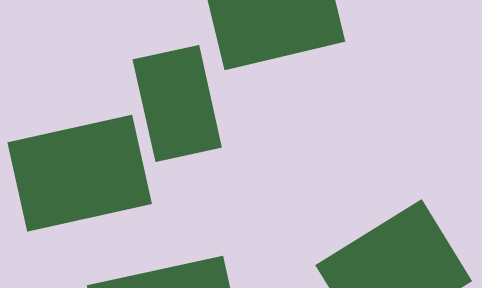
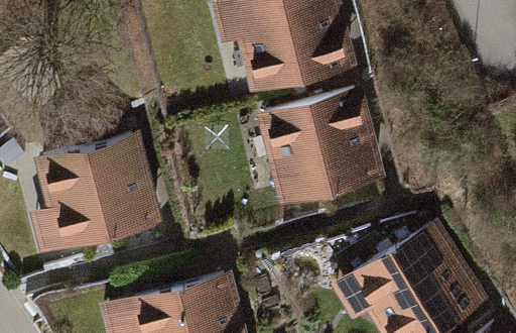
building: [132,44,223,163] -> none
building: none -> [255,90,388,206]

